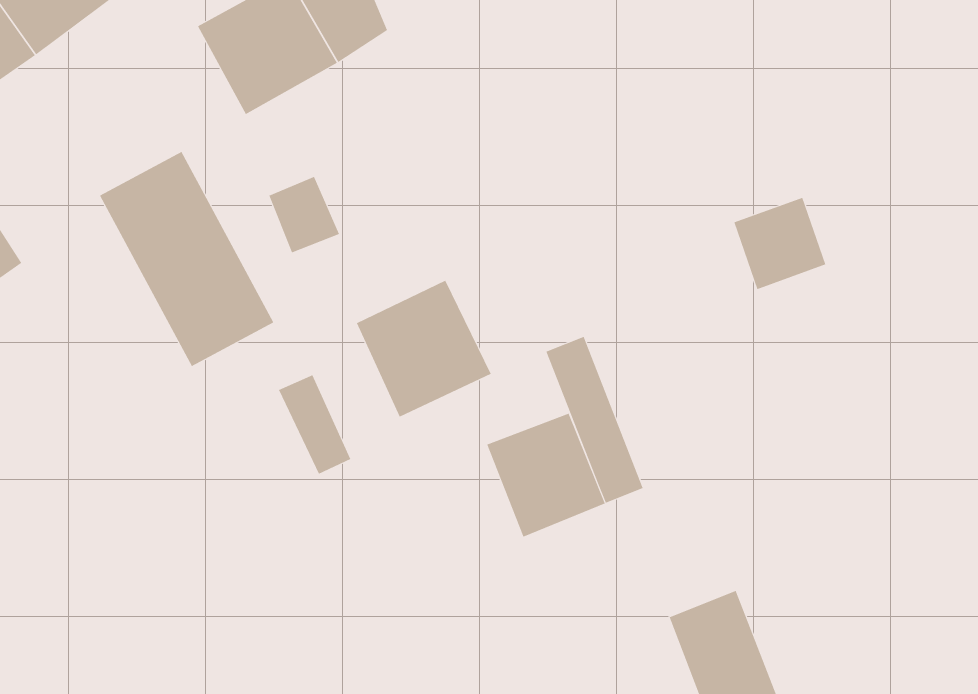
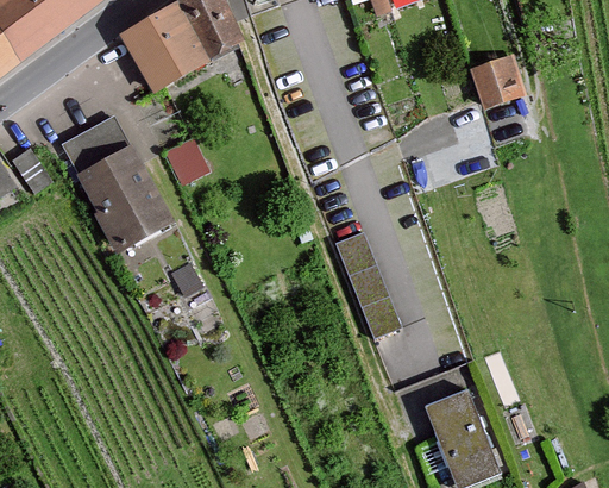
building: [734,197,826,290] -> [462,54,519,111]
building: [356,280,491,418] -> none
building: [486,413,605,538] -> none

